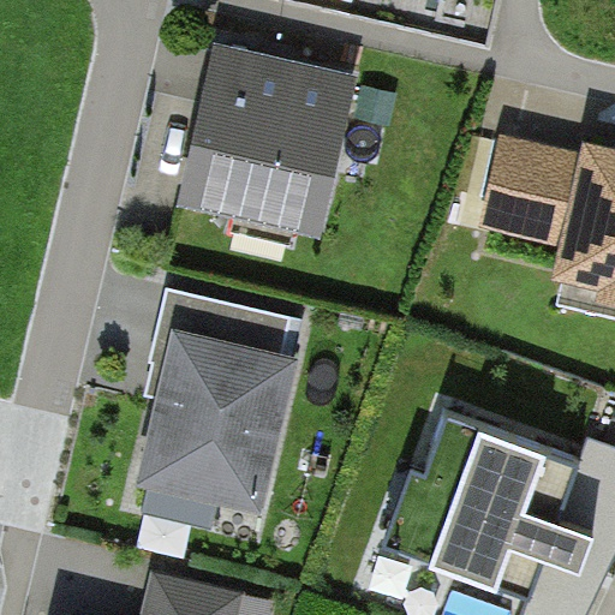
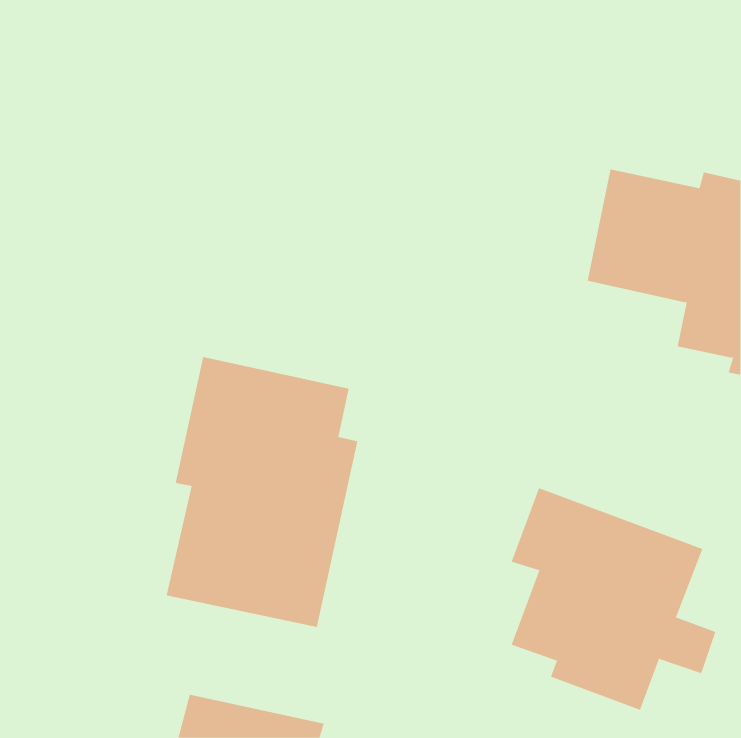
building: [180,47,354,239] -> none

